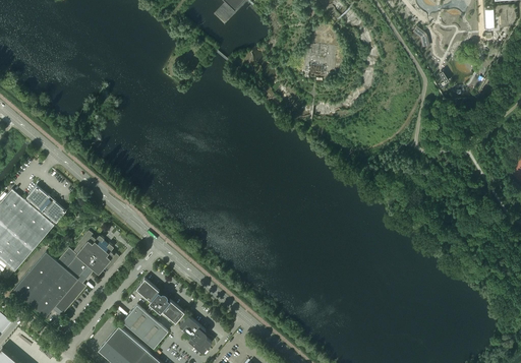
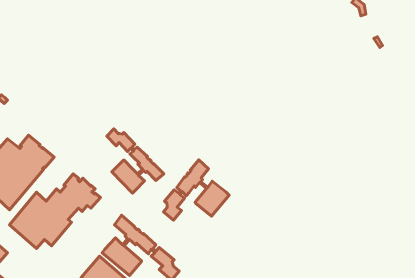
building: none -> [107,129,164,193]
building: none -> [163,160,229,220]

